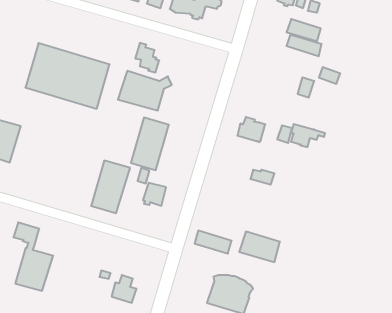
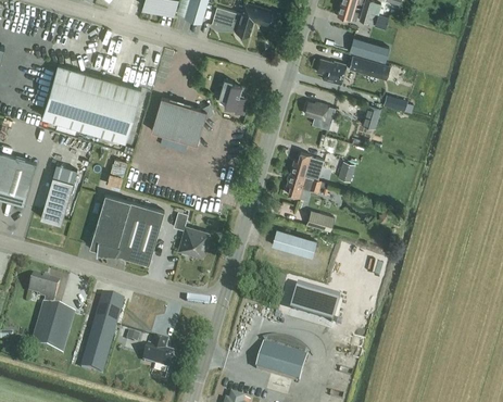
building: none -> [316,60,347,86]
building: [135,43,159,72] -> [218,79,247,114]
building: none -> [304,102,335,130]
building: [131,117,169,170] -> [89,194,134,256]
building: [291,124,325,147] -> [287,174,327,201]
building: none -> [39,176,73,224]
building: [195,231,232,254] -> [272,230,315,257]
building: none -> [79,297,123,376]

